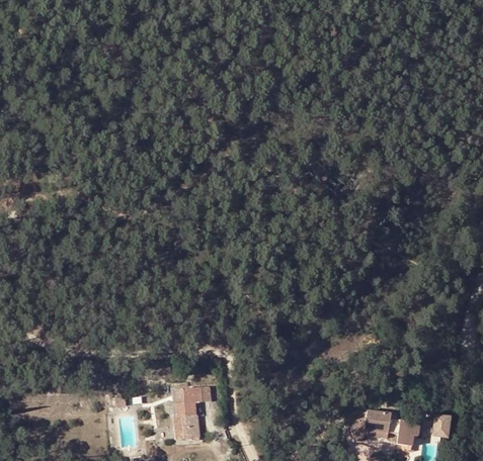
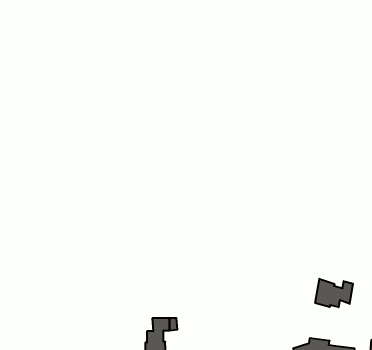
building: none -> [315,279,353,307]

